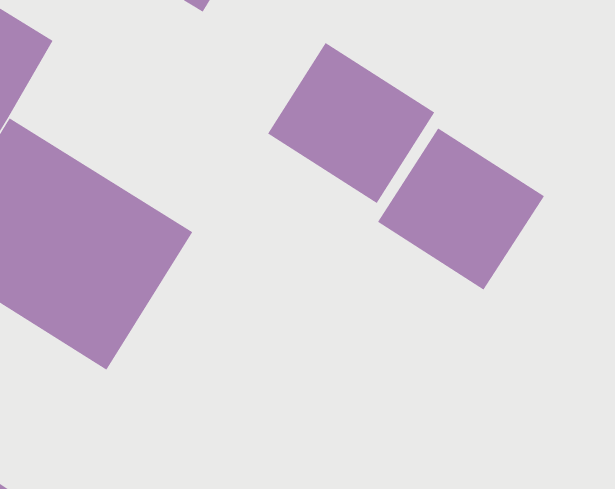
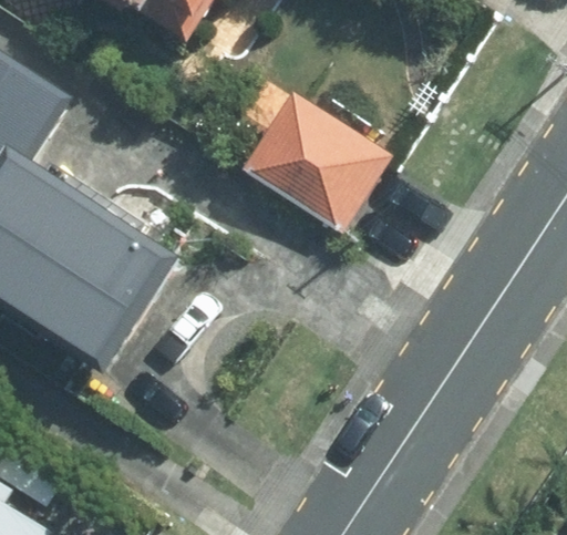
building: [377,128,545,290] -> none

